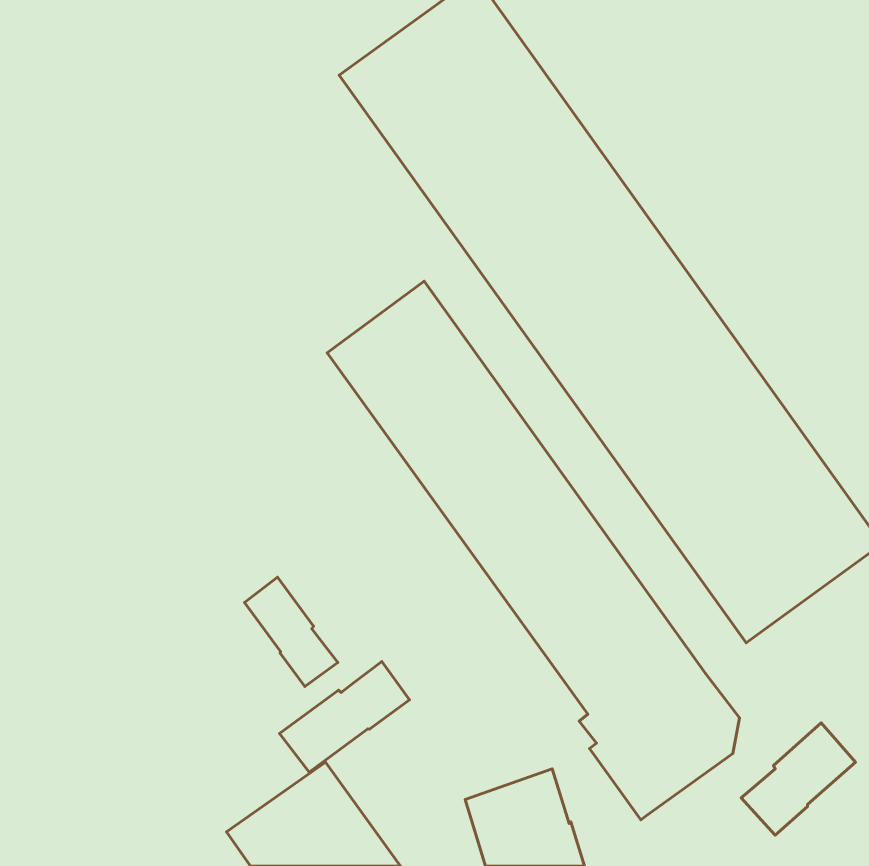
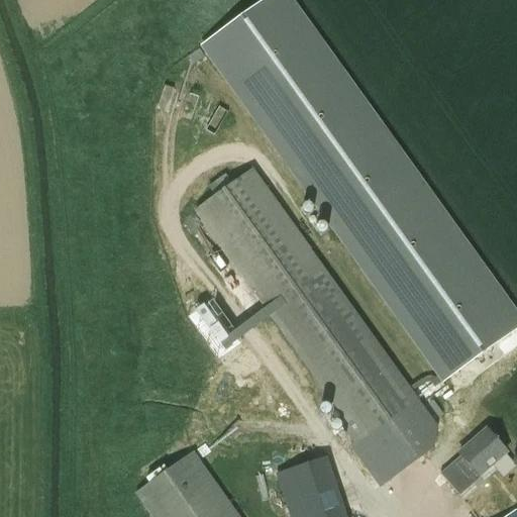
building: [244,577,338,686] -> none
building: [280,661,410,772] -> none

